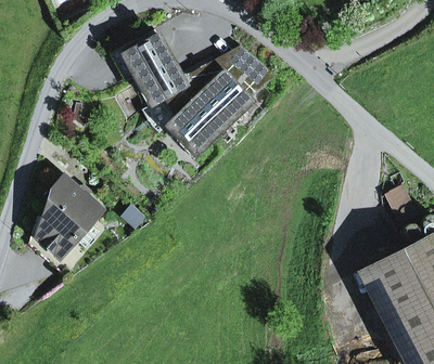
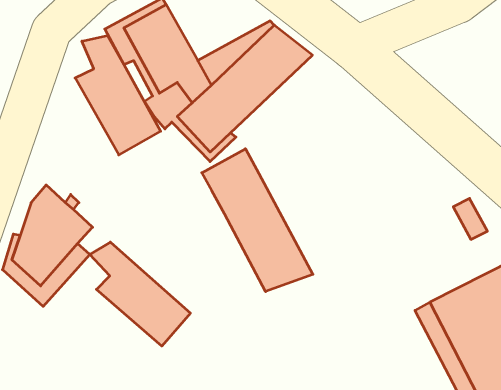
building: none -> [75,35,161,155]
building: none -> [202,149,313,292]
building: none -> [90,242,190,346]

